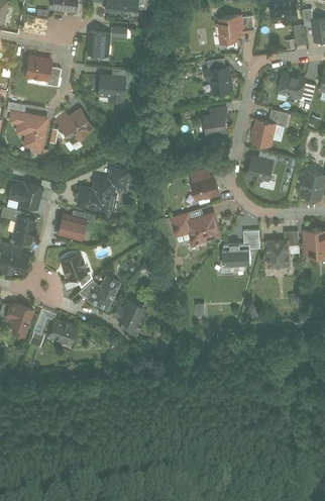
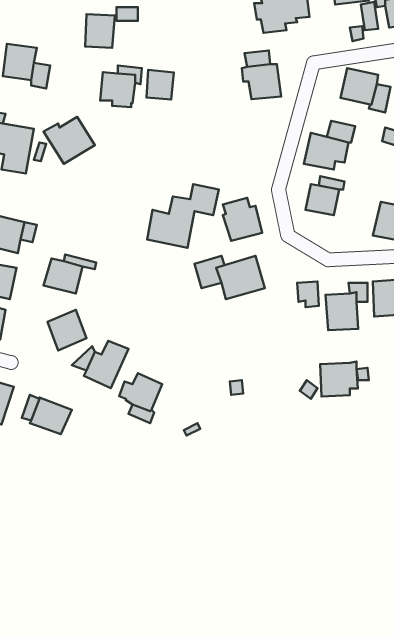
building: none -> [147,70,174,100]
building: [200,106,228,136] -> none
building: [74,165,127,212] -> [147,184,219,248]
building: [223,244,251,271] -> [320,362,358,397]

